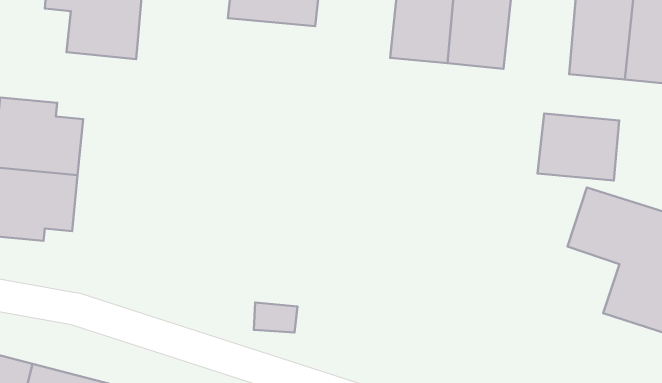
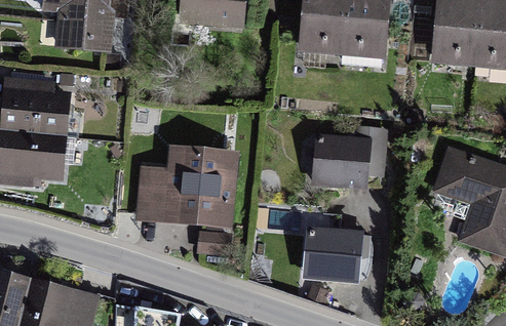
building: [537,114,619,180] -> [310,134,372,185]
building: none -> [135,149,238,229]
building: none -> [304,229,361,281]

